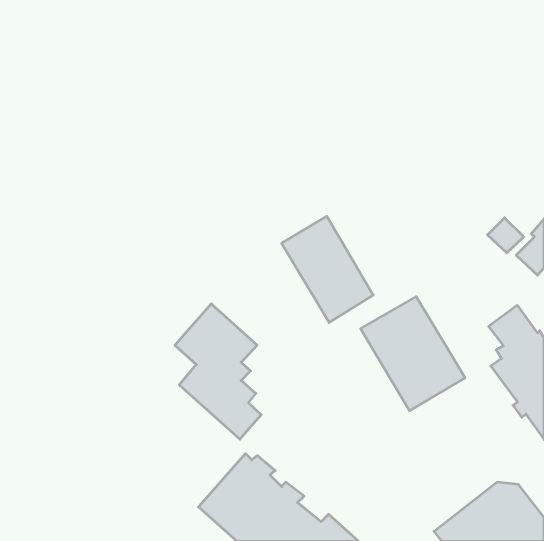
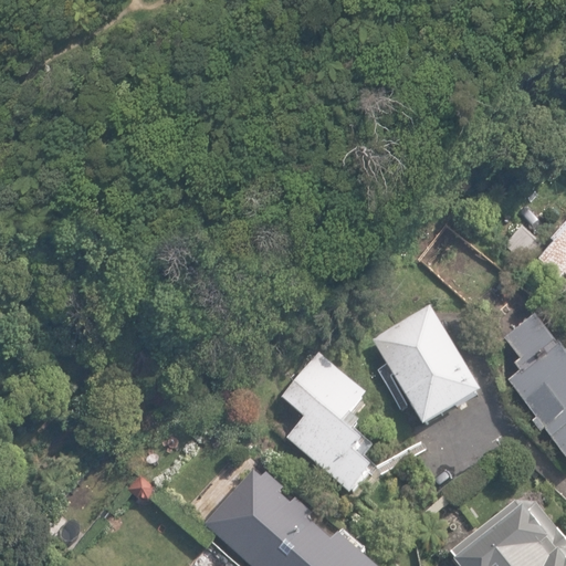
building: [282,216,373,323] -> none
building: [175,304,261,439] -> [283,354,373,494]

